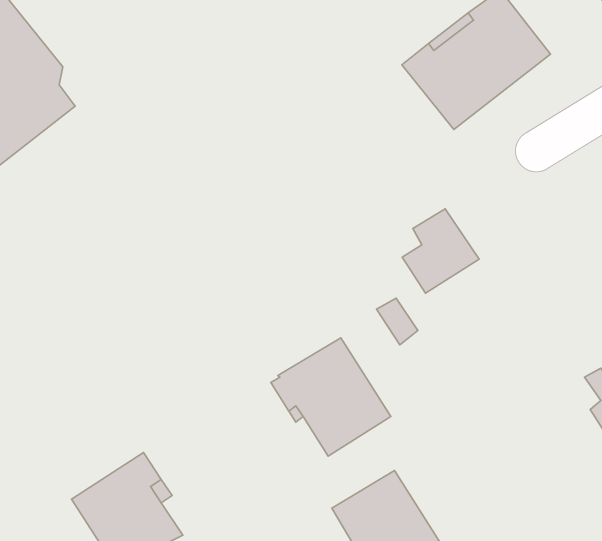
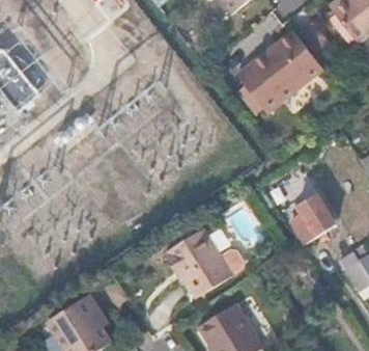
building: [402,209,479,293] -> [291,195,336,244]

